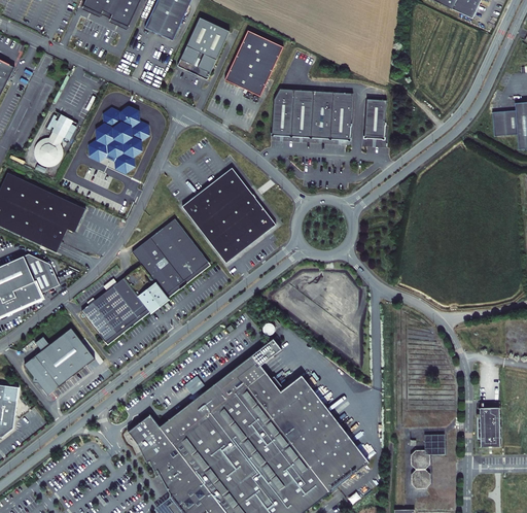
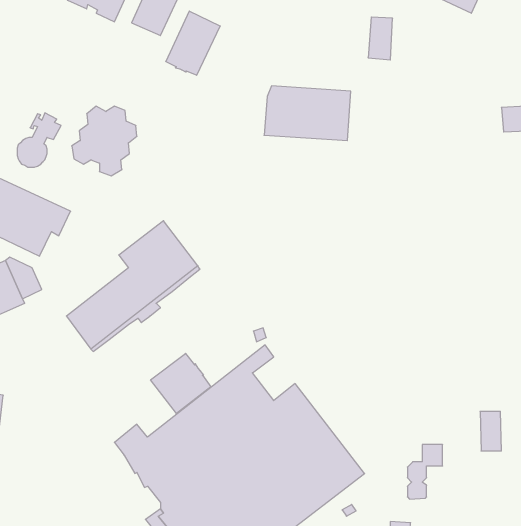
building: [224,30,283,96] -> none
building: [362,99,386,140] -> [368,17,393,60]
building: [182,168,276,263] -> none
building: [24,328,95,395] -> none
building: none -> [151,353,211,413]

